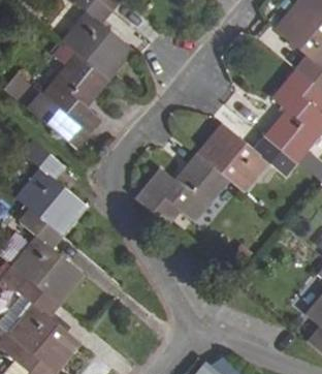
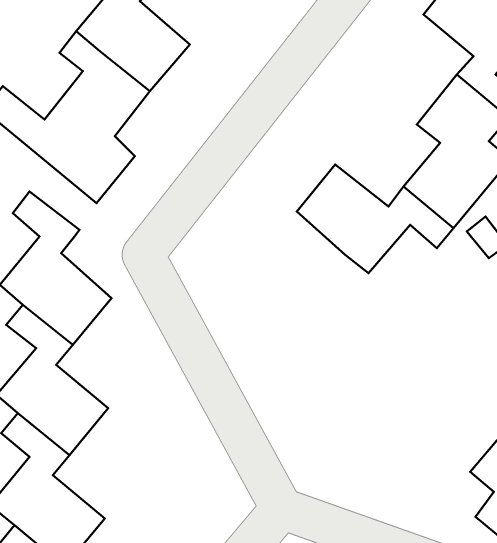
building: [137,152,228,224] -> none

